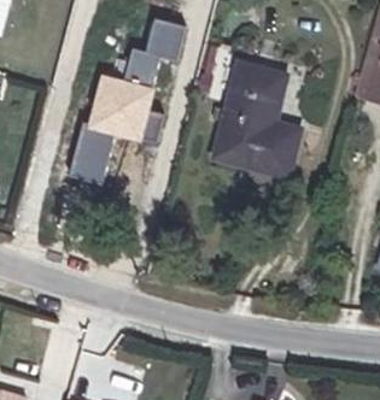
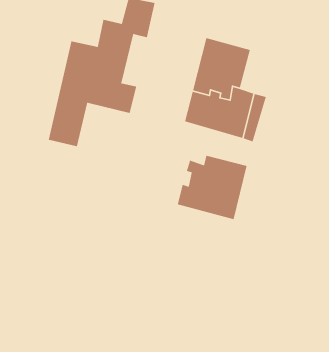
building: none -> [177,155,248,220]

